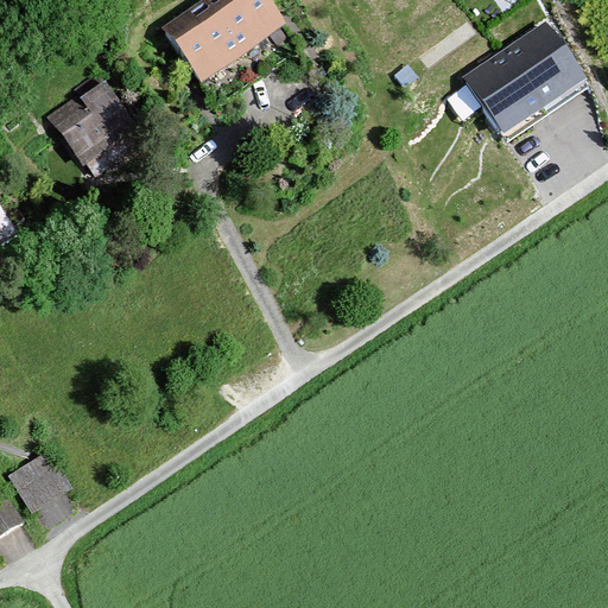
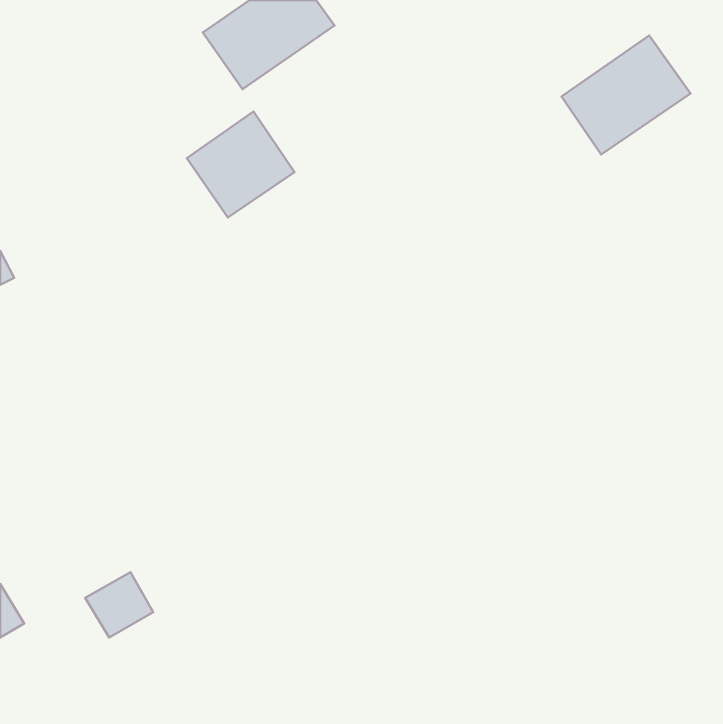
building: [44,84,134,173] -> [187,111,294,218]
building: [13,455,70,509] -> [85,572,153,638]

